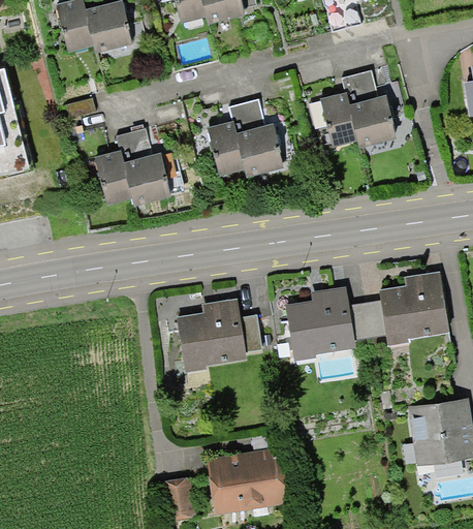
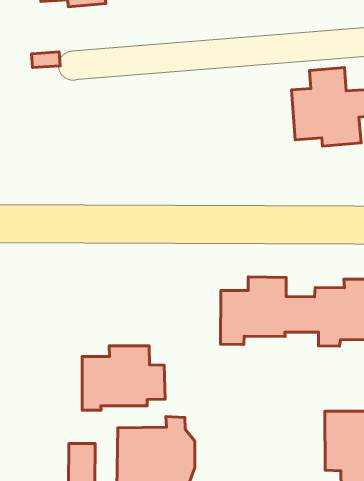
building: [208,97,286,179] -> none
building: [96,127,175,207] -> none
building: [176,298,263,371] -> [82,346,165,410]

